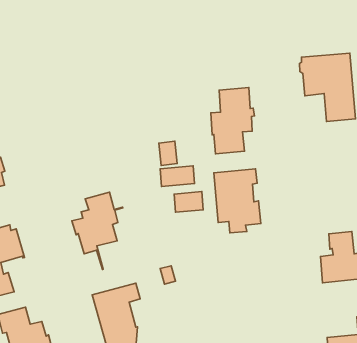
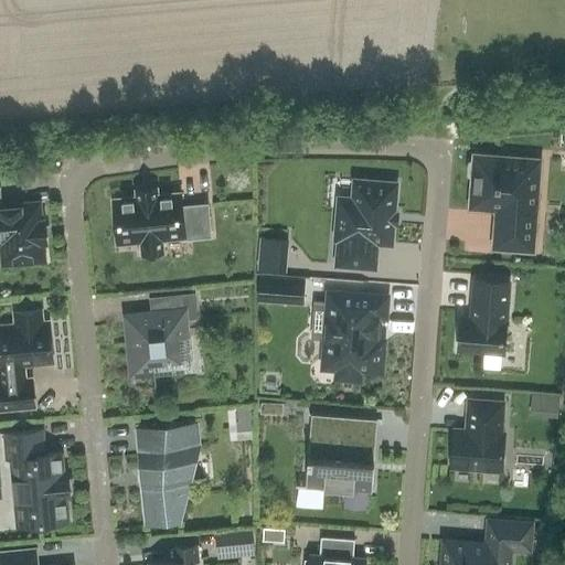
building: none -> [114,190,211,255]
building: none -> [459,280,509,353]
building: [174,192,203,212] -> none
building: none -> [296,415,375,493]

